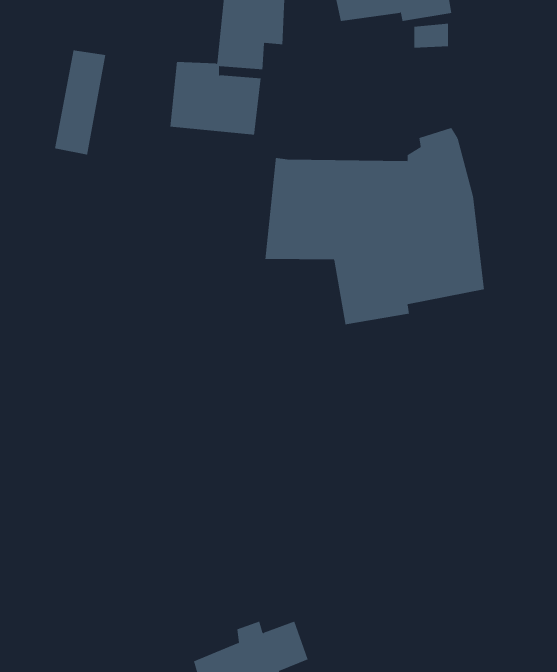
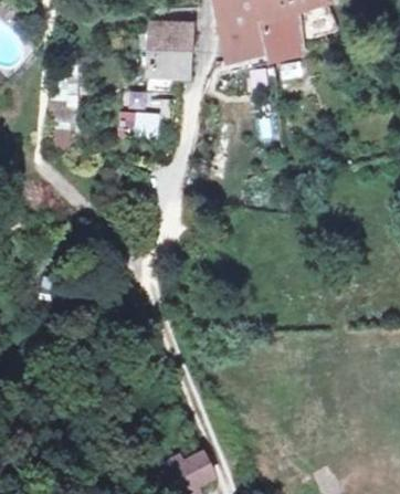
building: [265,127,485,325] -> none

